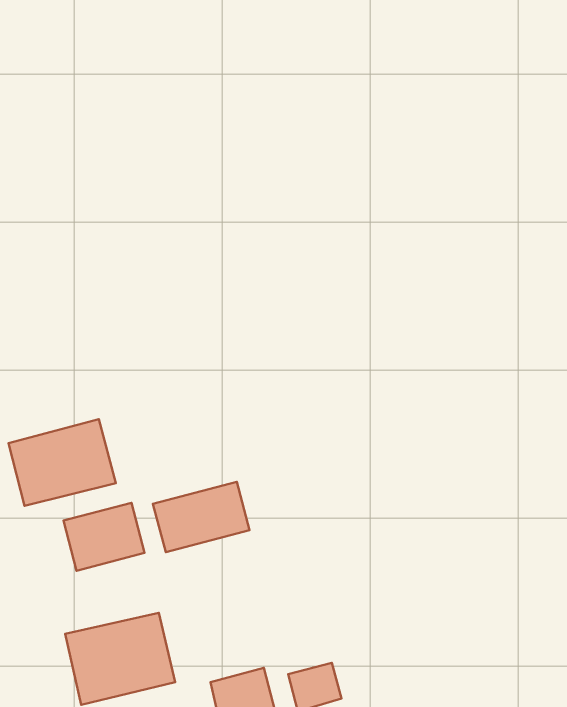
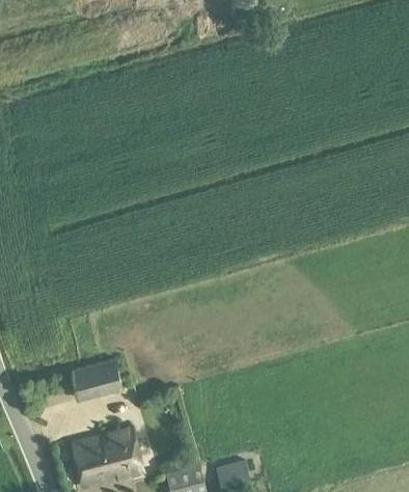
building: [8,419,116,506] -> none
building: [153,482,250,552] -> none

